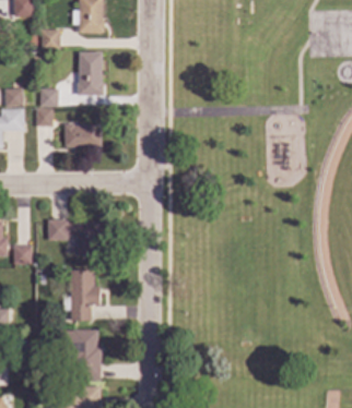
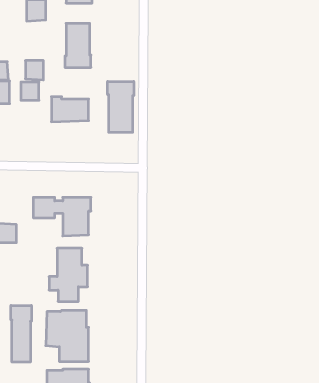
building: none -> [108,81,134,132]
building: none -> [11,305,31,362]

